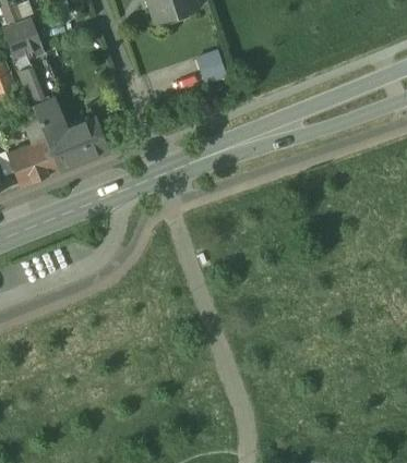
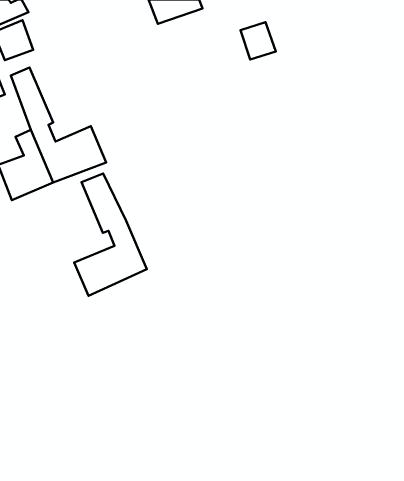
building: [197,48,230,83] -> [241,22,276,60]
building: none -> [74,173,147,296]

